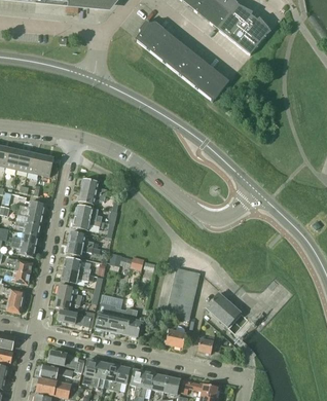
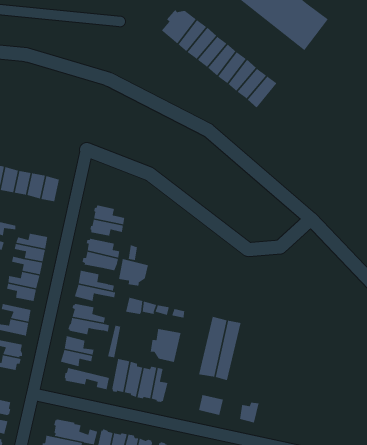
building: none -> [118,258,149,286]
building: none -> [150,328,182,363]
building: [205,292,240,326] -> none

